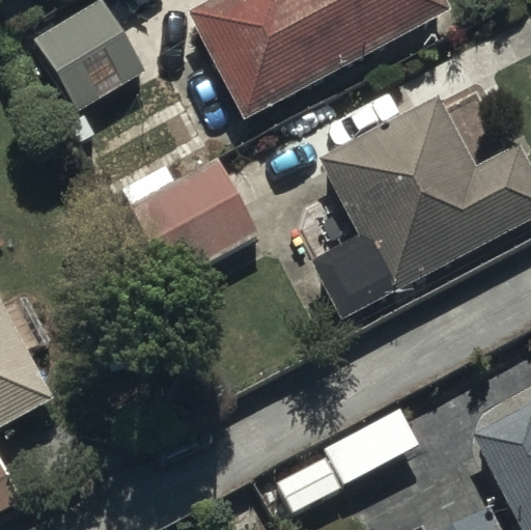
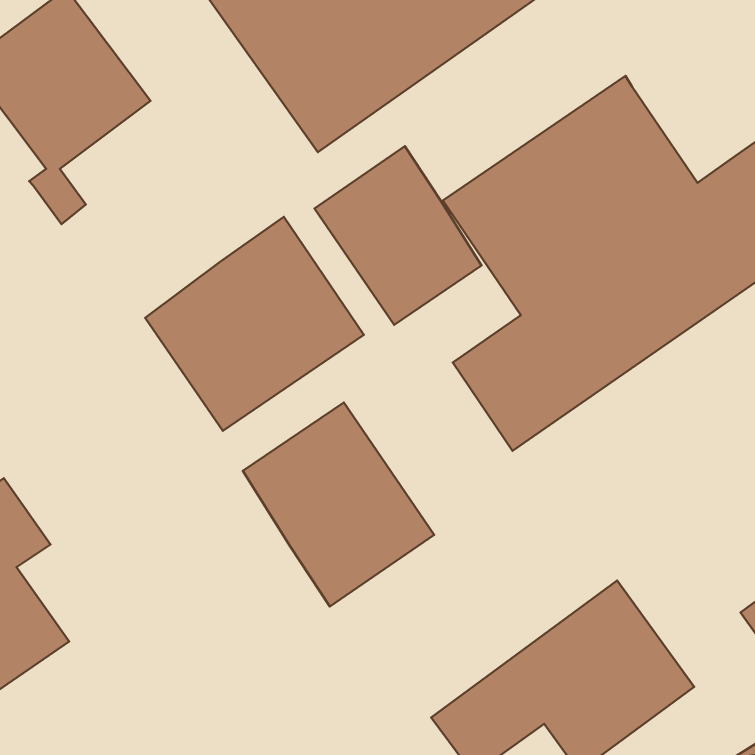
building: none -> [314,146,482,325]
building: none -> [243,403,434,607]

